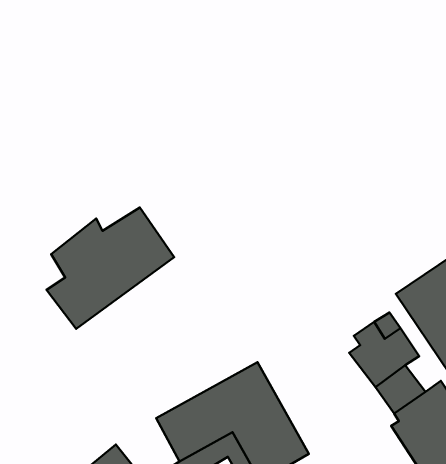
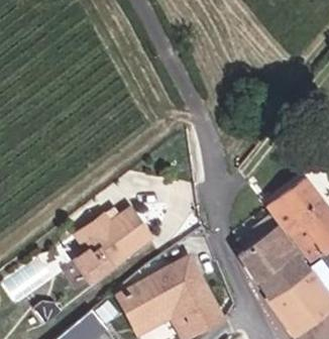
building: [46,208,174,329] -> [73,208,155,287]

